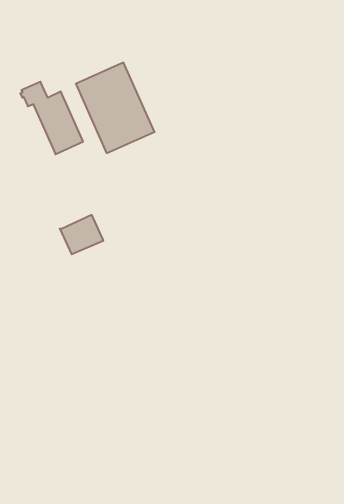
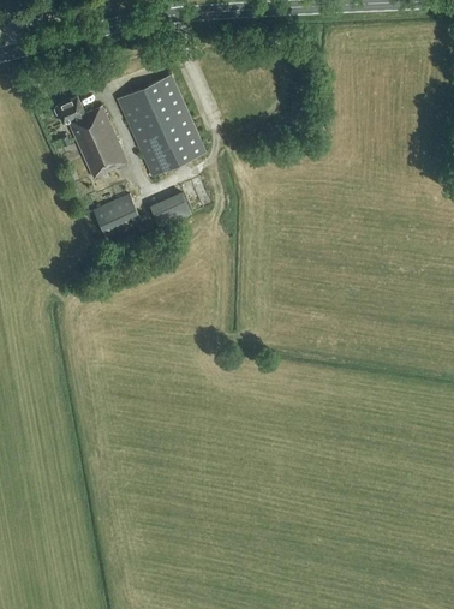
building: none -> [150,191,191,227]
building: [60,215,103,254] -> [92,193,142,238]

